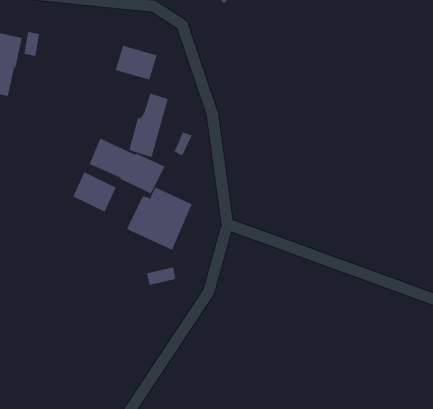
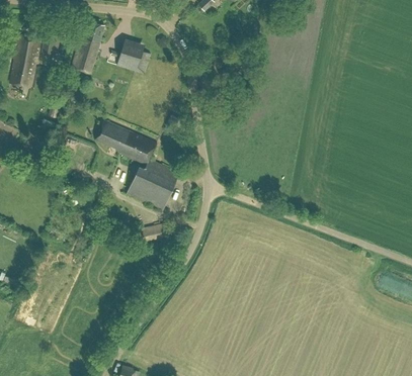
building: [128,93,168,158] -> [72,21,104,74]
building: [72,172,117,212] -> none

